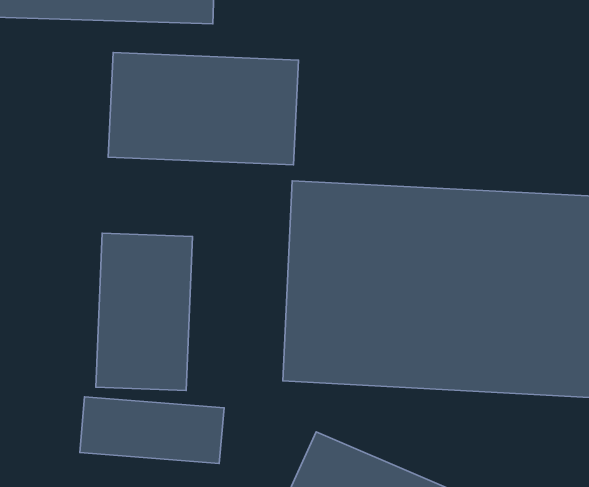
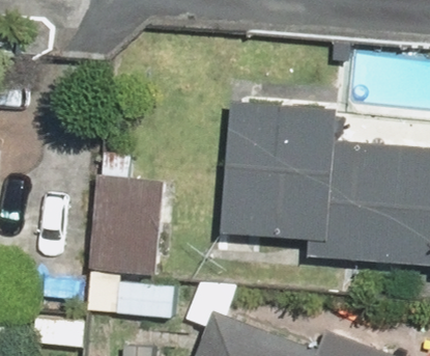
building: [108,52,298,165] -> none

